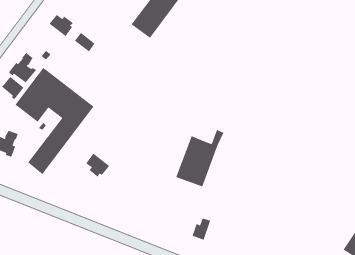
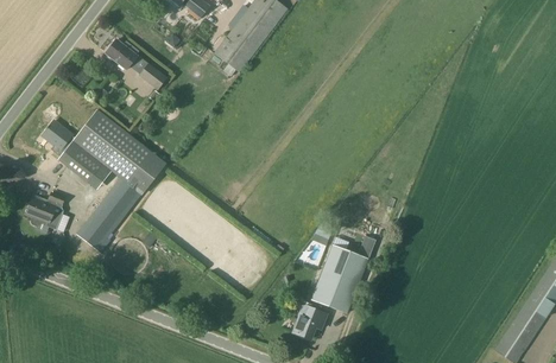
building: [8,52,37,84] -> none
building: [175,129,225,187] -> [310,236,375,313]
building: [85,153,110,178] -> none

